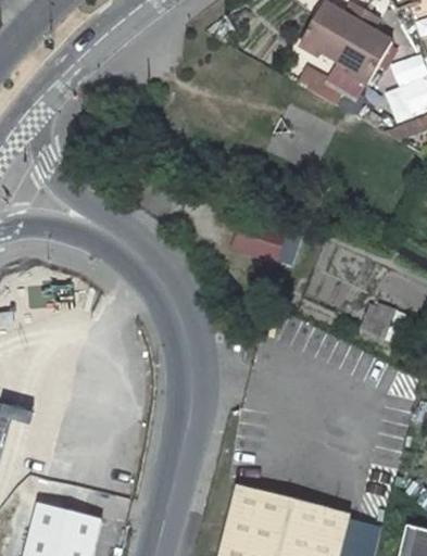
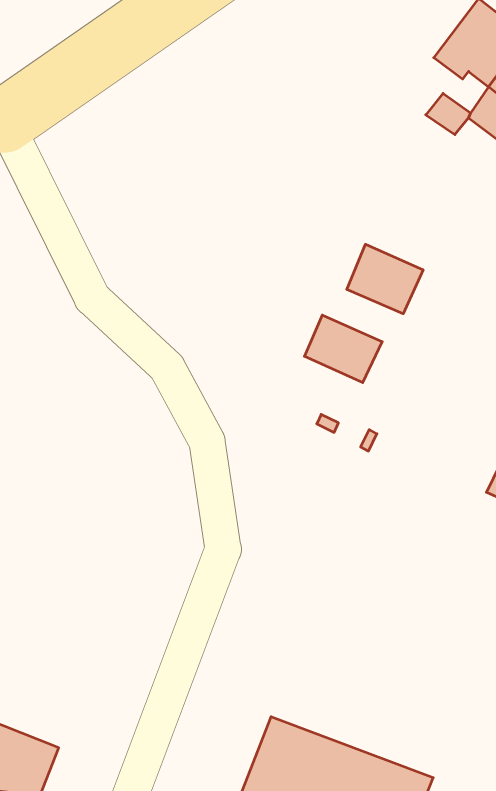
building: none -> [347,244,423,314]

